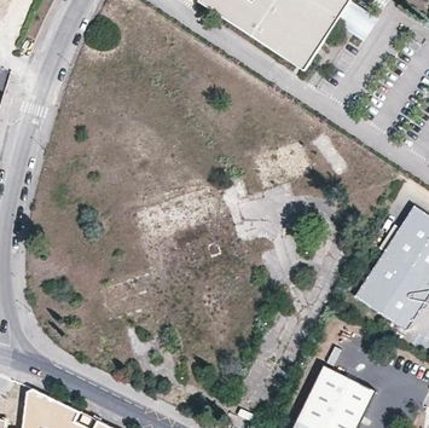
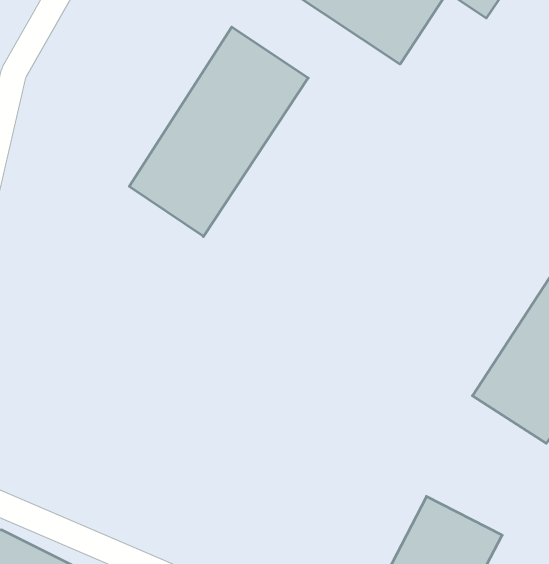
building: none -> [129,27,308,237]

